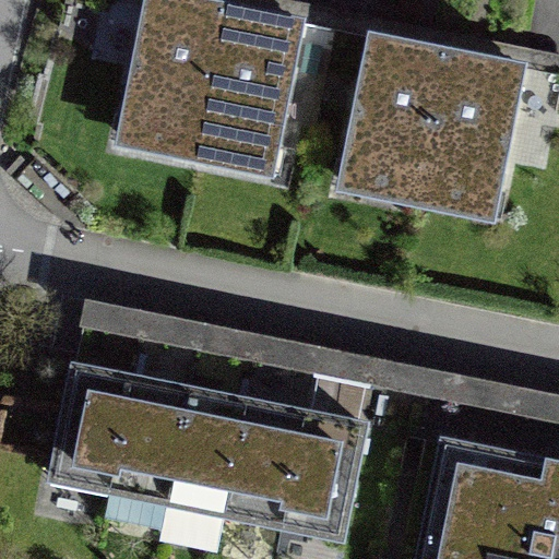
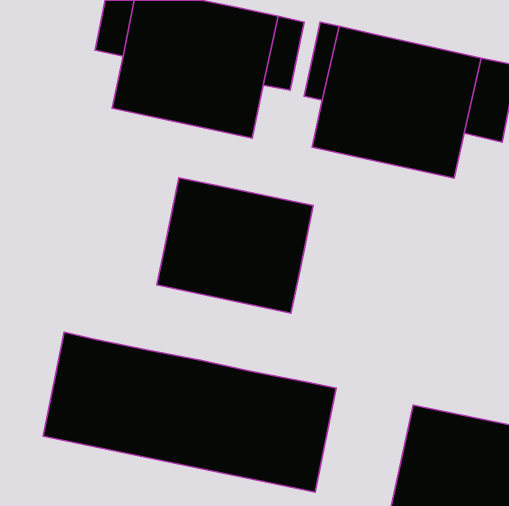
building: none -> [157,178,313,313]

